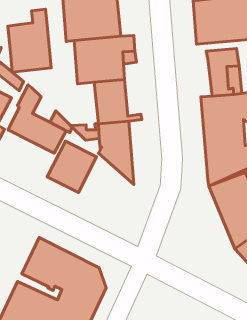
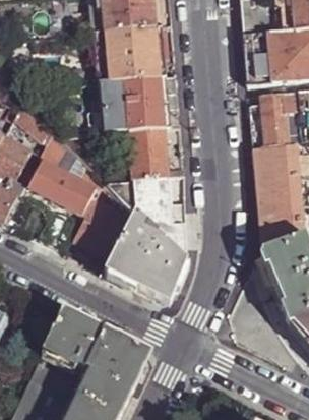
building: [8,9,51,72] -> none
building: none -> [103,213,185,306]

